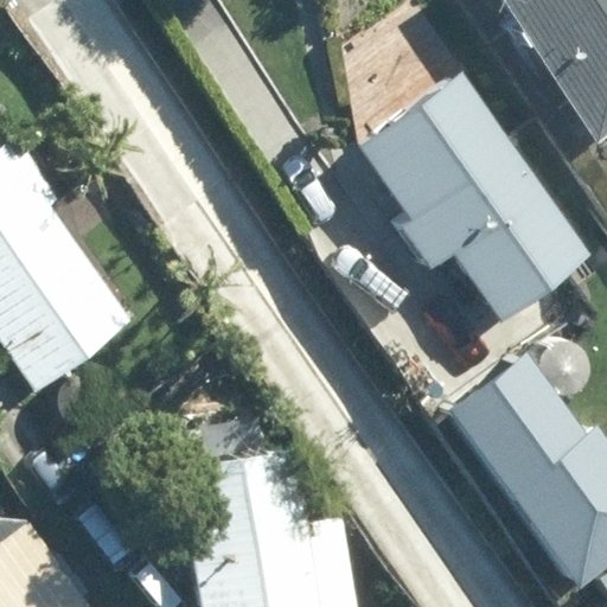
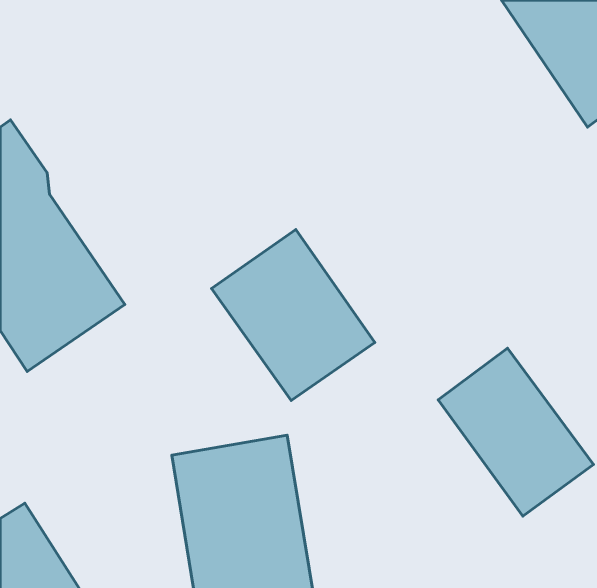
building: [359,75,592,319] -> none
building: none -> [212,229,375,400]

